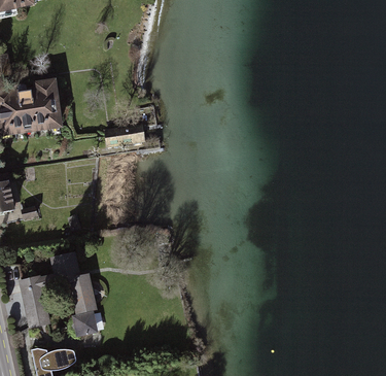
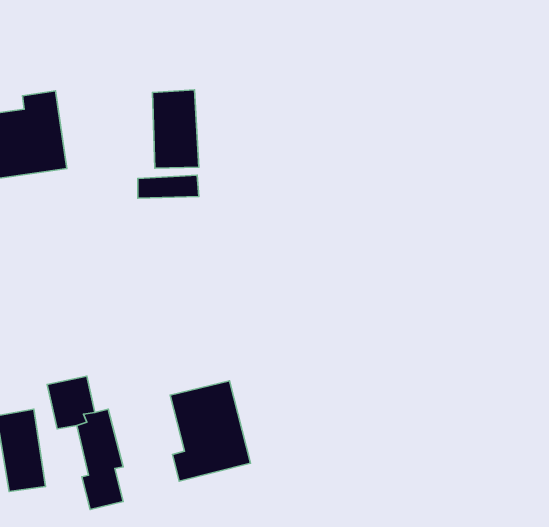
building: none -> [153,90,199,168]
building: none -> [170,381,250,481]

